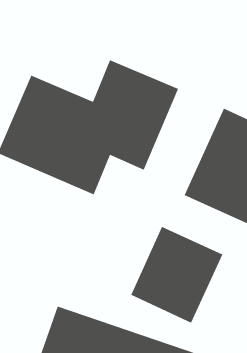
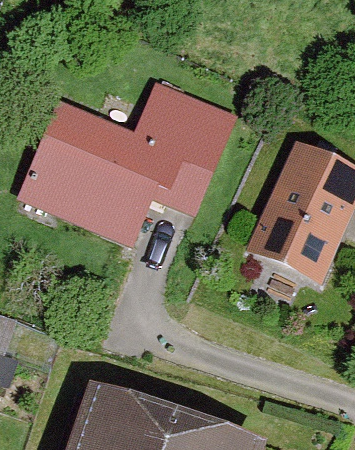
building: [130,226,223,324] -> none

